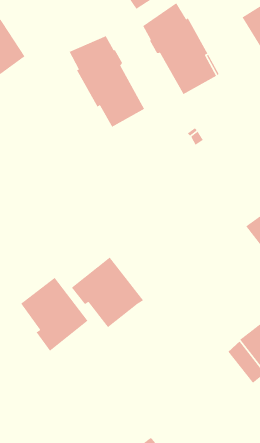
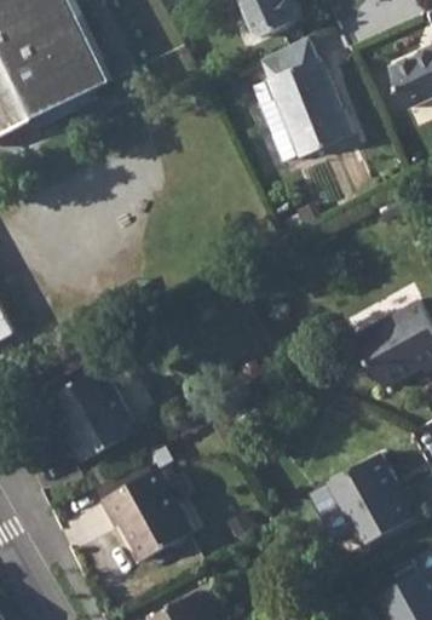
building: [69,35,145,128] -> none
building: [71,257,144,328] -> [102,467,194,559]

